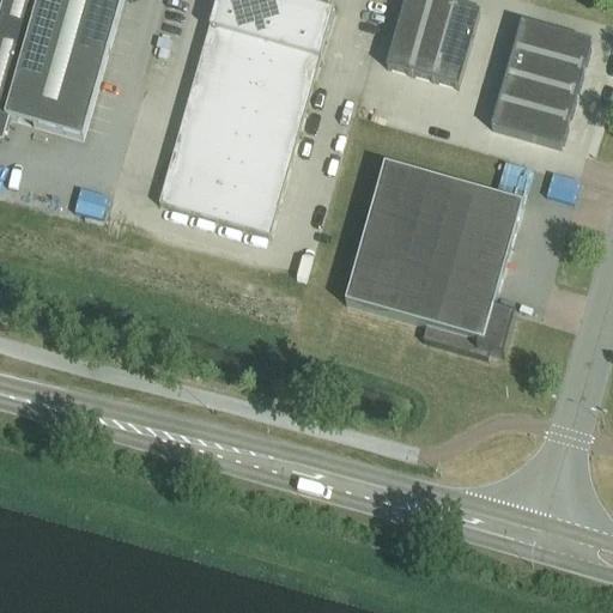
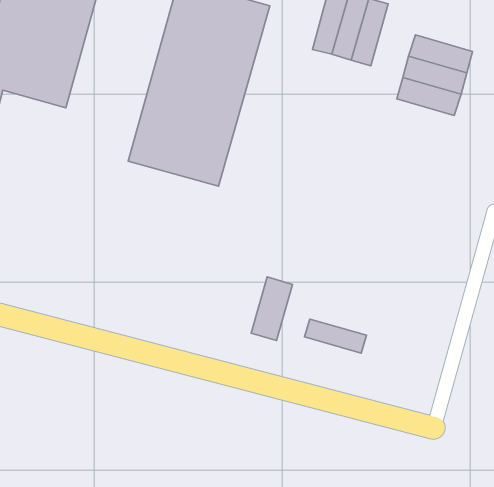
building: [512,17,591,63] -> none
building: [344,159,522,353] -> none
building: none -> [251,277,293,341]
building: none -> [305,319,367,353]

